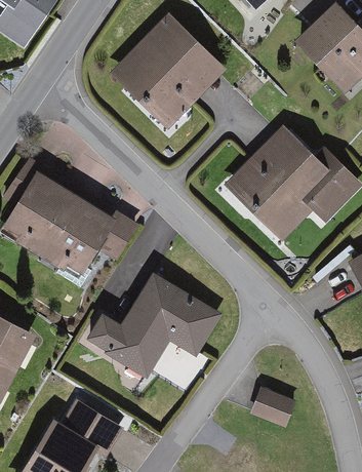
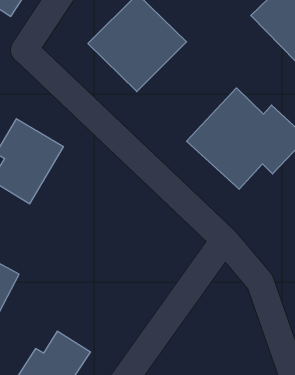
building: [46,191,137,278] -> none
building: [84,271,220,379] -> none
building: [248,383,290,420] -> none

